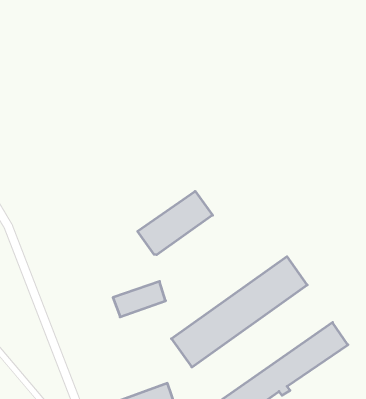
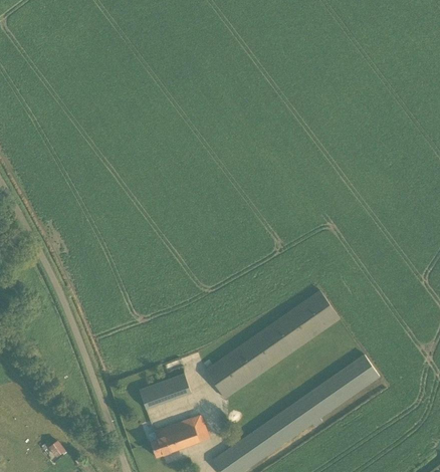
building: [138,191,213,255] -> none
building: [113,281,166,317] -> [139,374,191,409]

